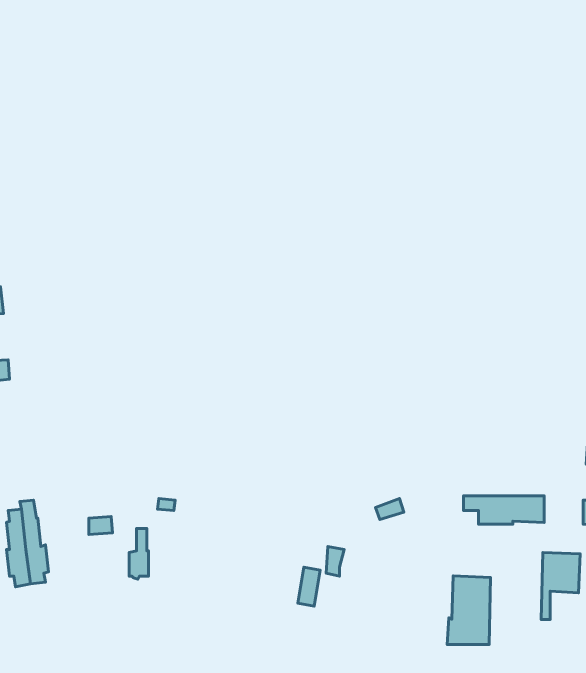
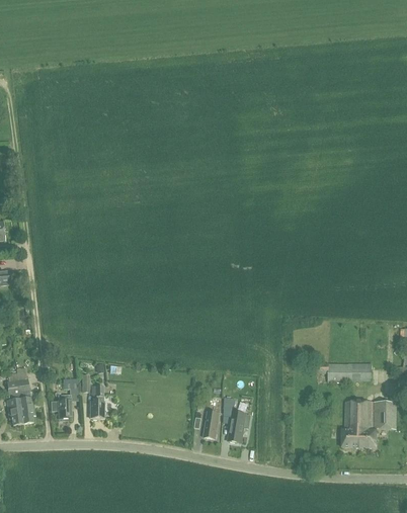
building: none -> [51,395,71,421]
building: none -> [227,412,249,443]
building: [447,576,491,645] -> [340,401,370,447]

